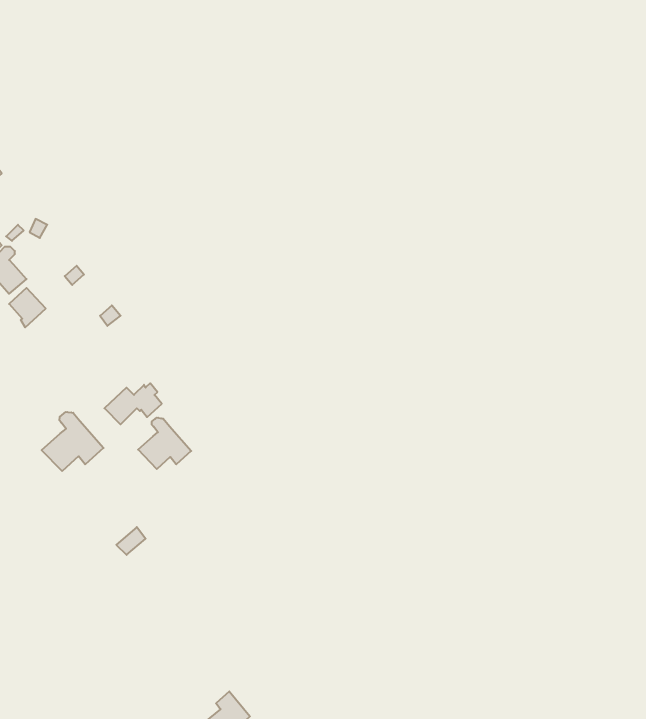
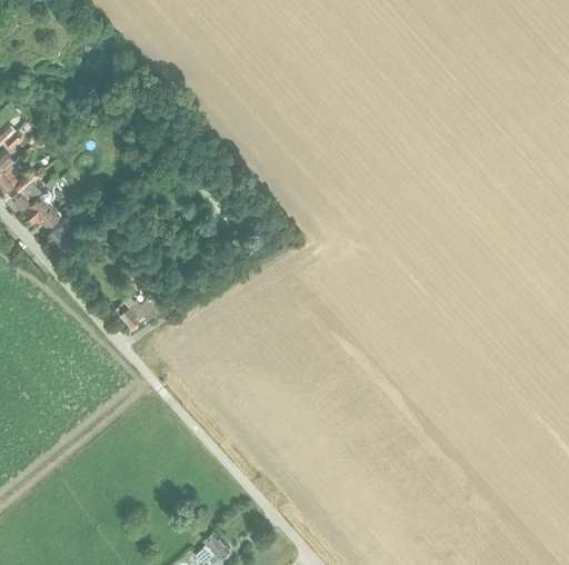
building: [42,412,104,471] -> none
building: [138,418,191,469] -> none

